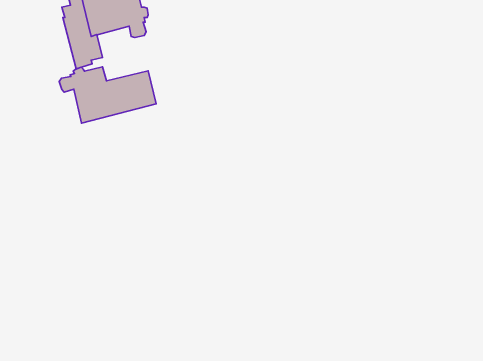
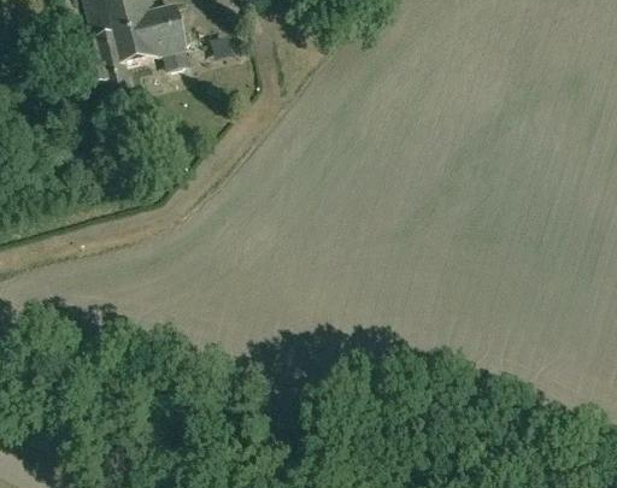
building: [59,67,156,123] -> none

